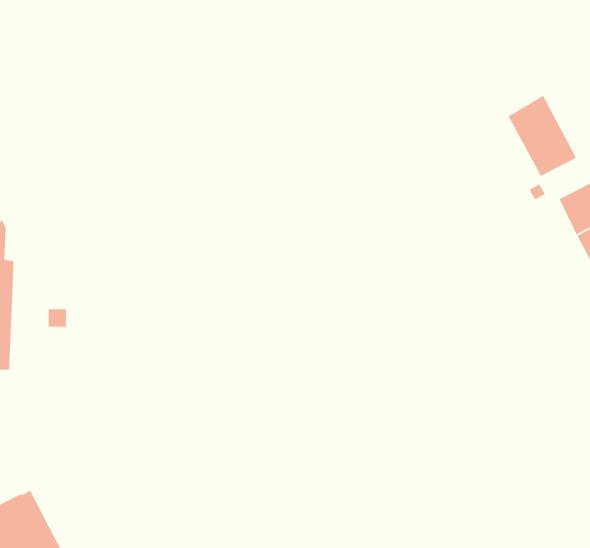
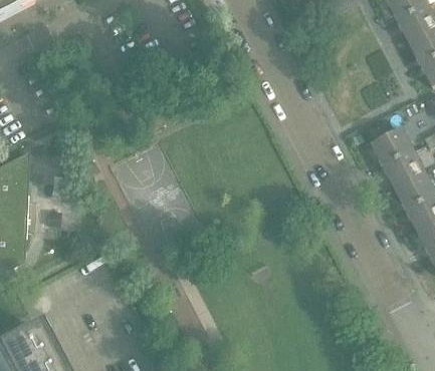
building: [507,95,577,177] -> none

